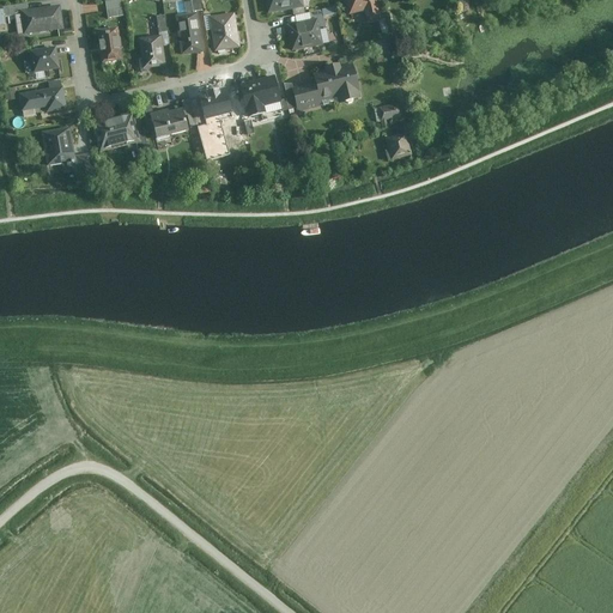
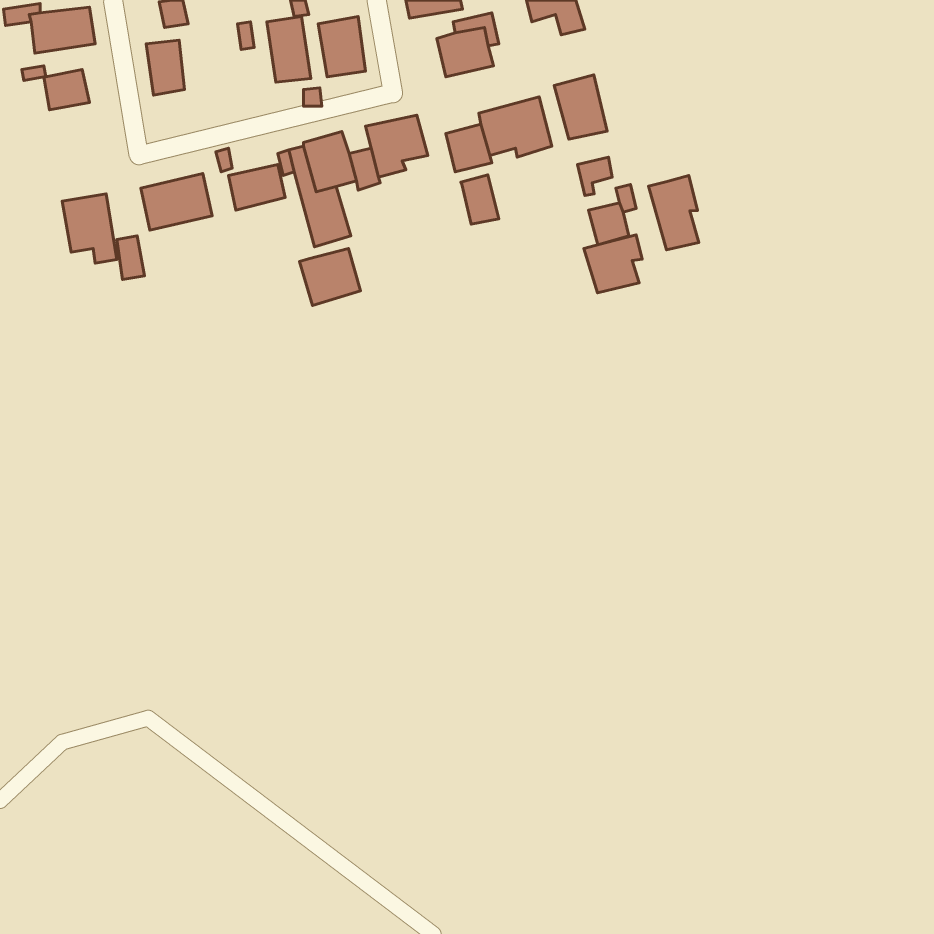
building: [138,35,165,68] -> none
building: none -> [554,75,607,139]
building: [17,86,66,111] -> none
building: none -> [461,175,499,224]
building: none -> [648,176,699,250]
building: none -> [584,235,642,293]
building: none -> [299,249,360,306]

